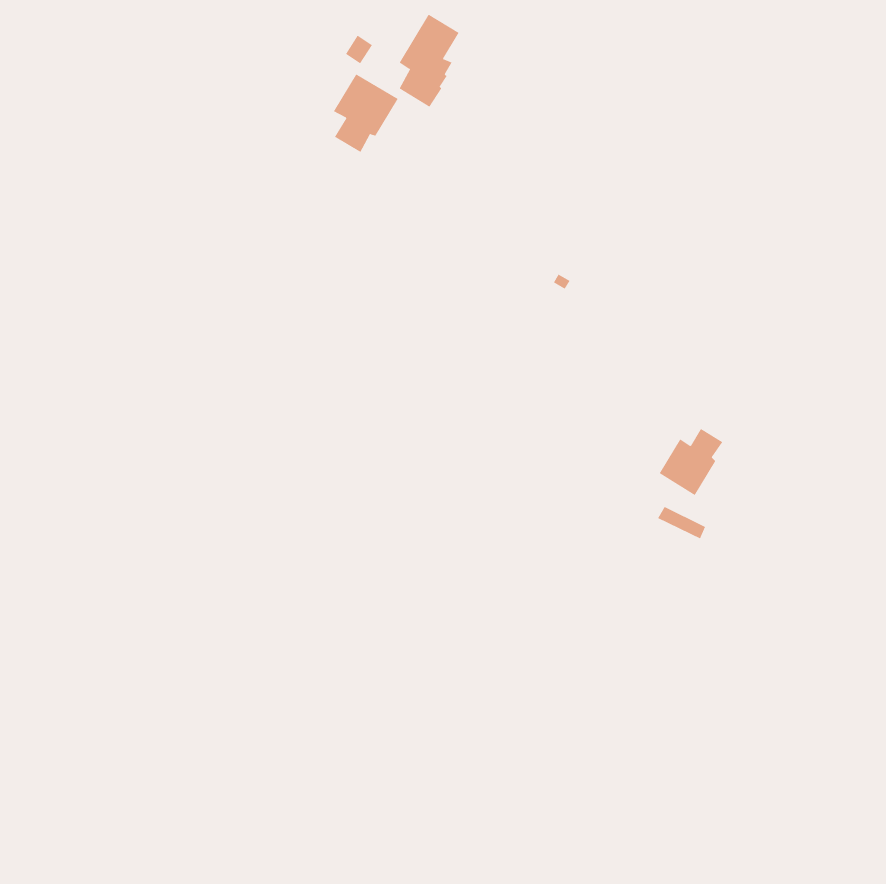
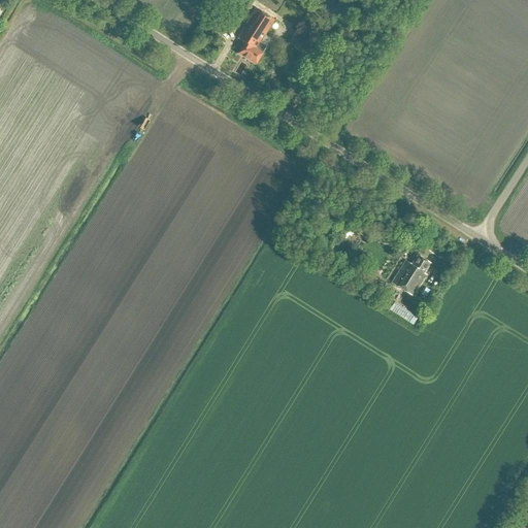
building: [333,73,399,153] -> none

